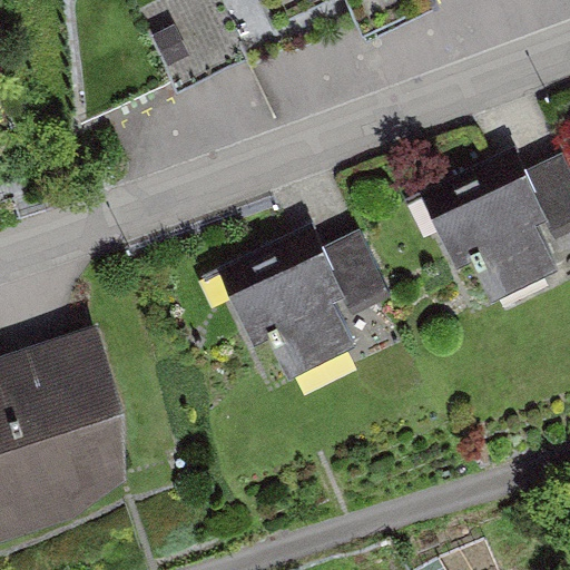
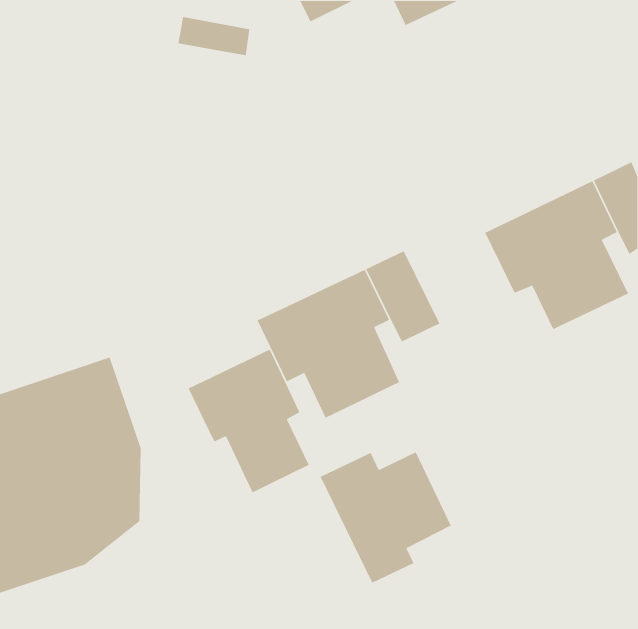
building: none -> [188,348,310,493]
building: none -> [319,451,452,584]

